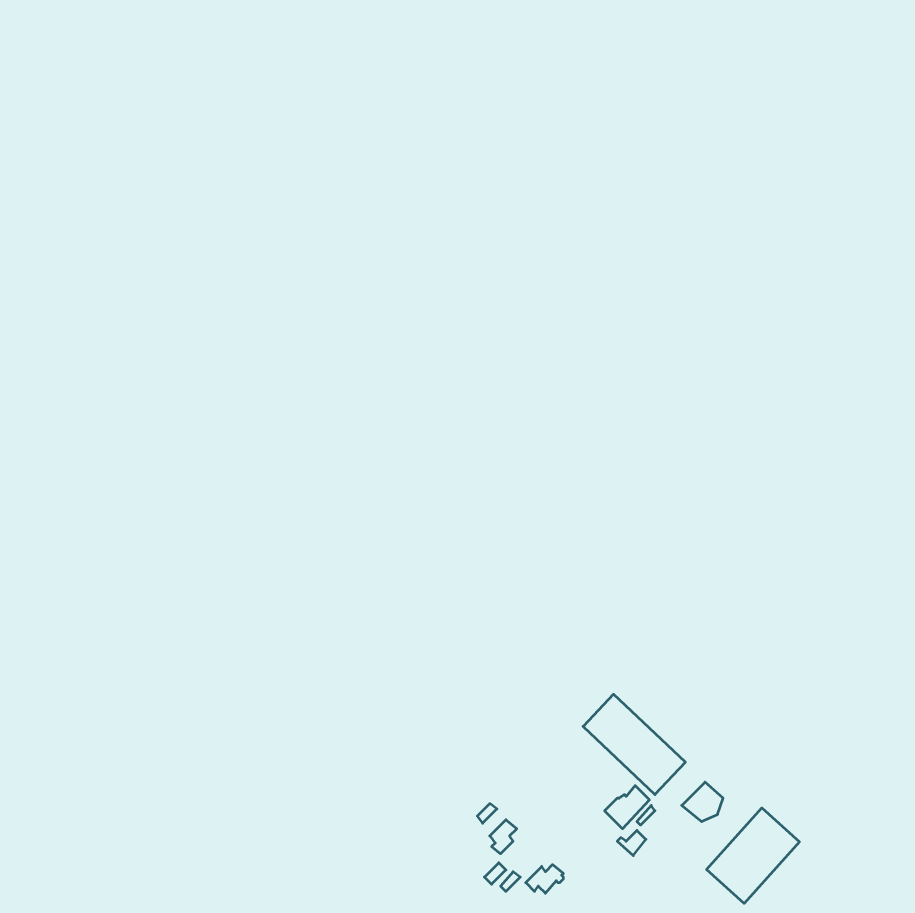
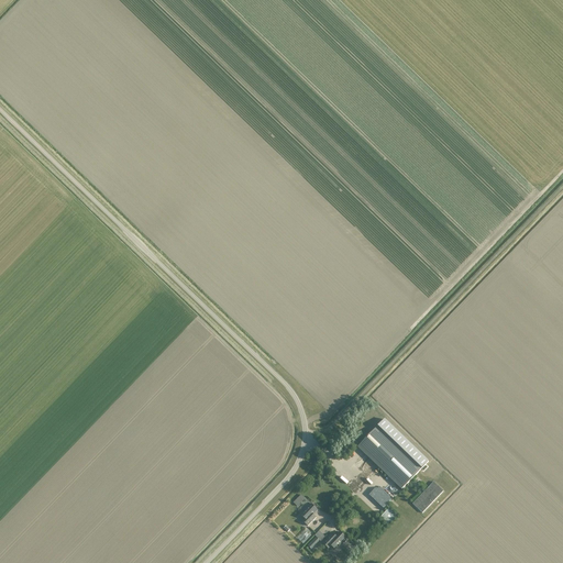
building: [707,808,799,903] -> none

